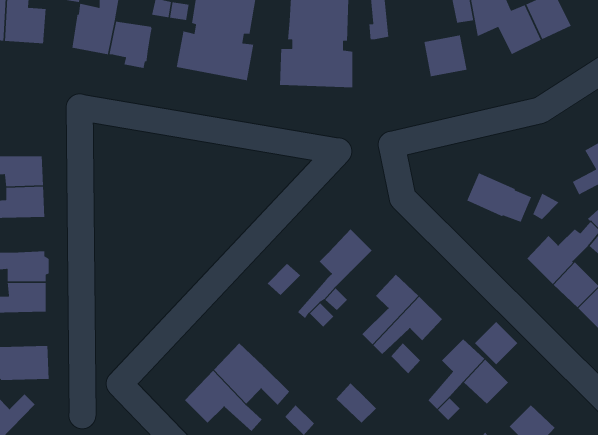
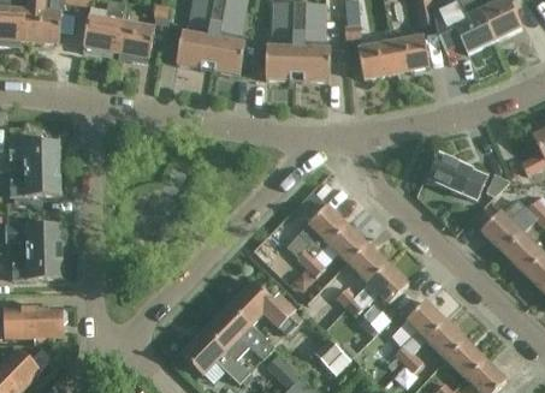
building: none -> [357,40,397,78]
building: none -> [327,222,367,262]
building: none -> [230,279,302,334]
building: [474,321,518,365] -> [446,338,485,376]

